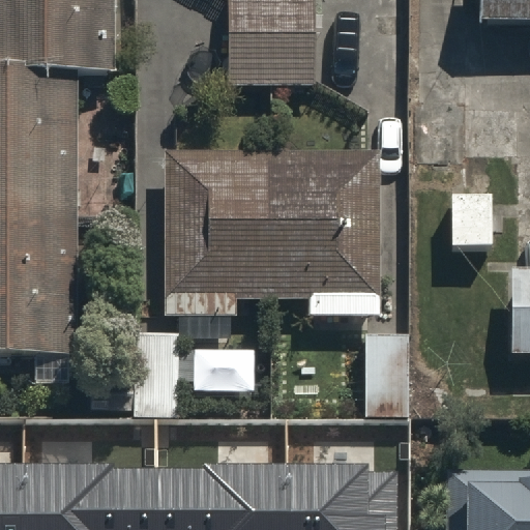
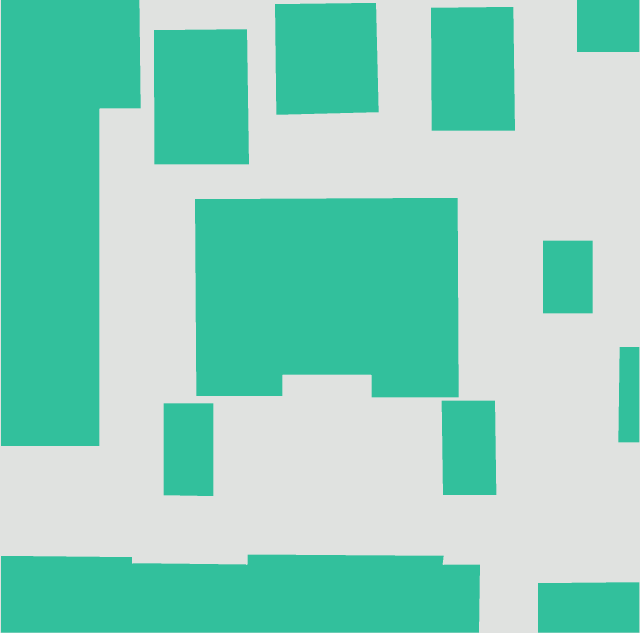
building: none -> [431,6,516,131]
building: none -> [153,28,249,165]

